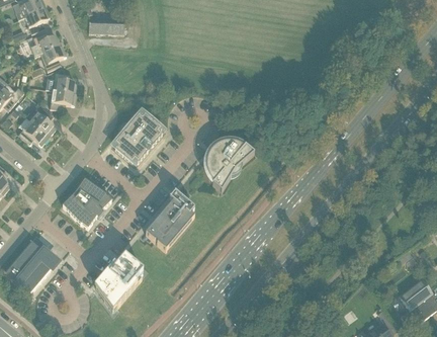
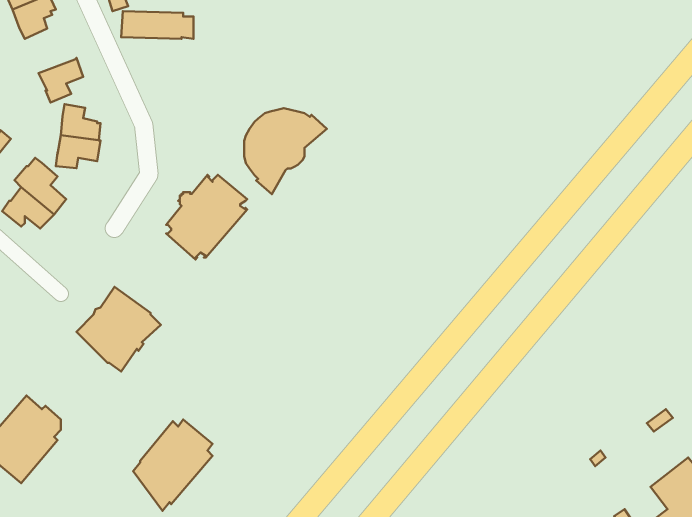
building: [30,30,61,55] -> none
building: [205,140,254,190] -> [244,108,327,194]
building: [145,190,194,249] -> none

